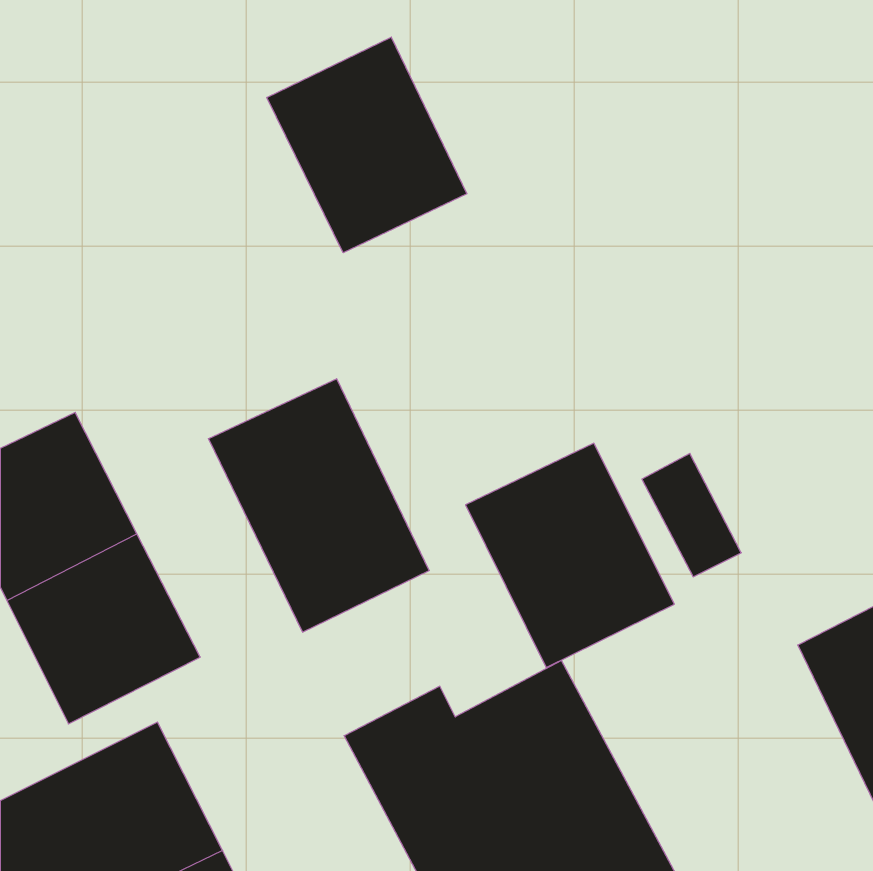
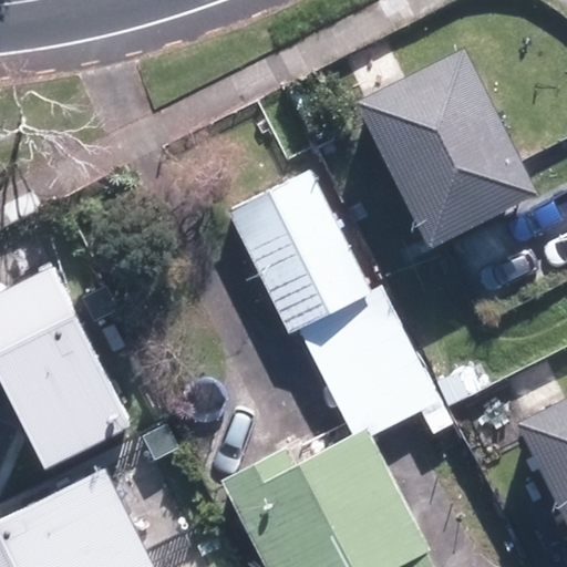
building: [267,37,467,253] -> none
building: none -> [352,49,534,248]
building: [208,379,429,632] -> [229,168,372,332]

